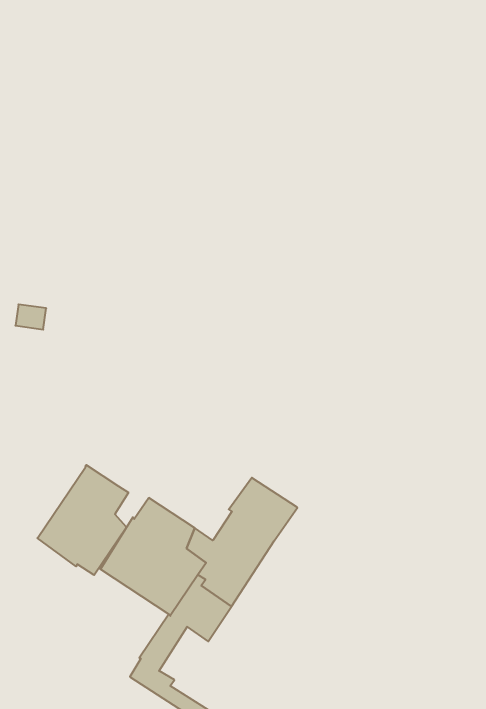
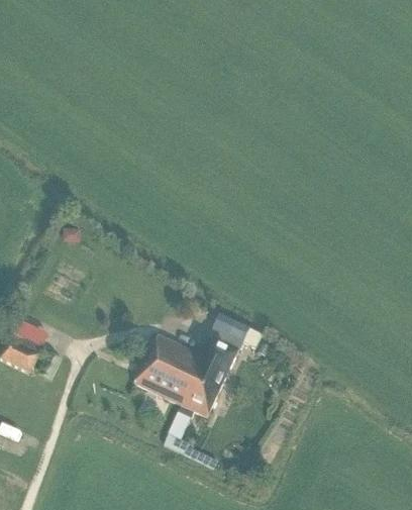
building: [37,465,128,575] -> none

